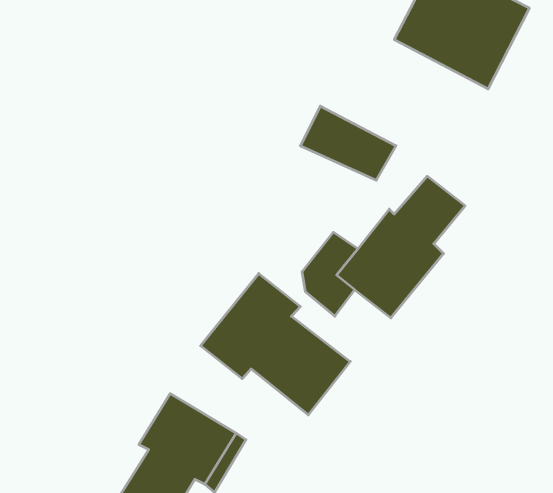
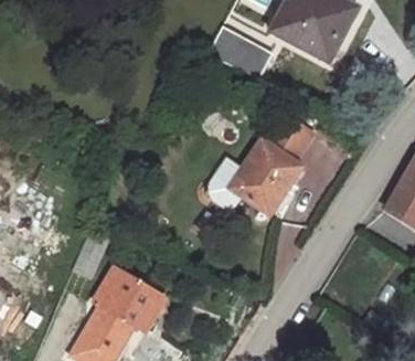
building: [300,106,396,180] -> [209,28,273,77]
building: [201,273,350,415] -> none

